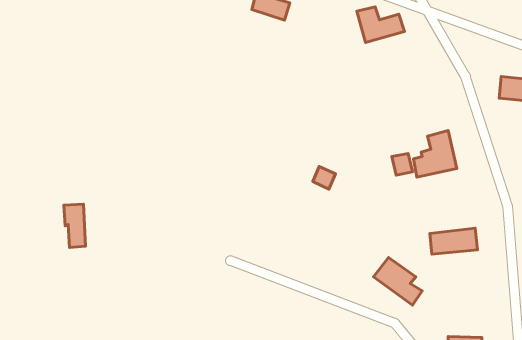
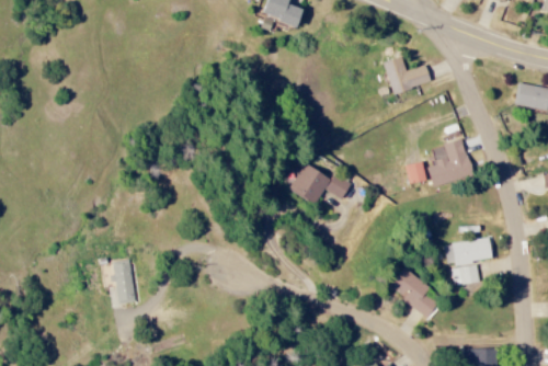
building: [357,7,404,42] -> [384,58,432,94]
building: none -> [289,163,330,203]
building: [64,204,86,247] -> [112,260,134,304]
building: none -> [452,263,480,286]

